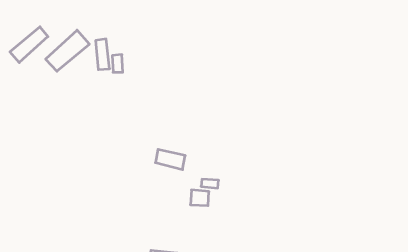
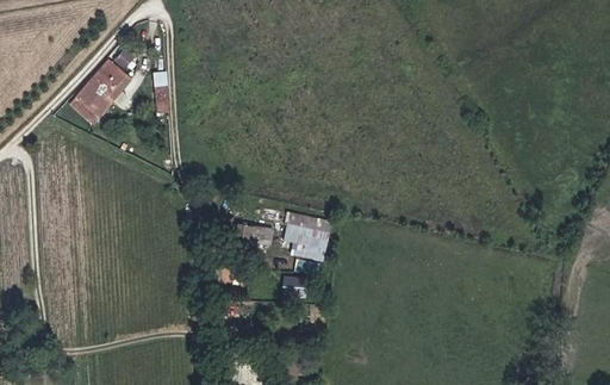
building: [10,27,48,63] -> none
building: none -> [280,211,329,261]

